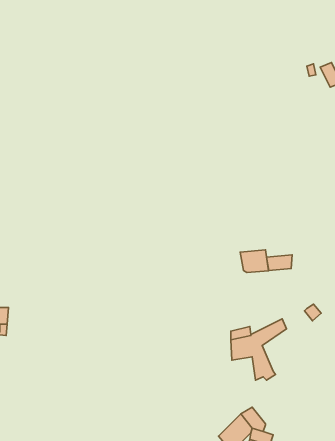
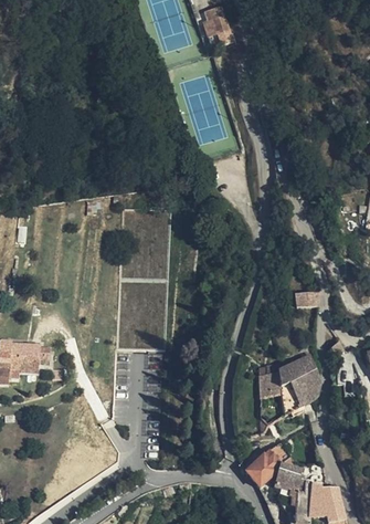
building: [240,250,269,273] -> none
building: none -> [290,365,323,407]

